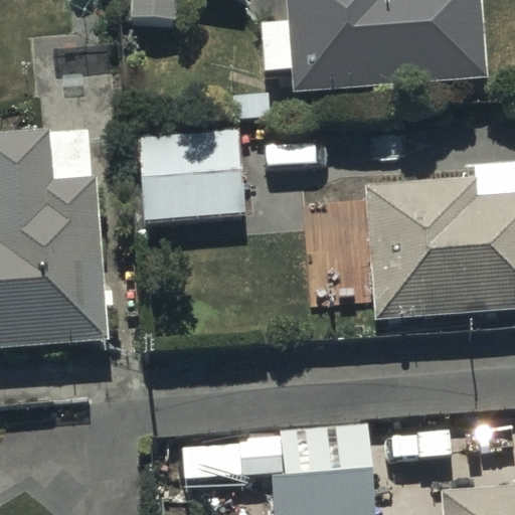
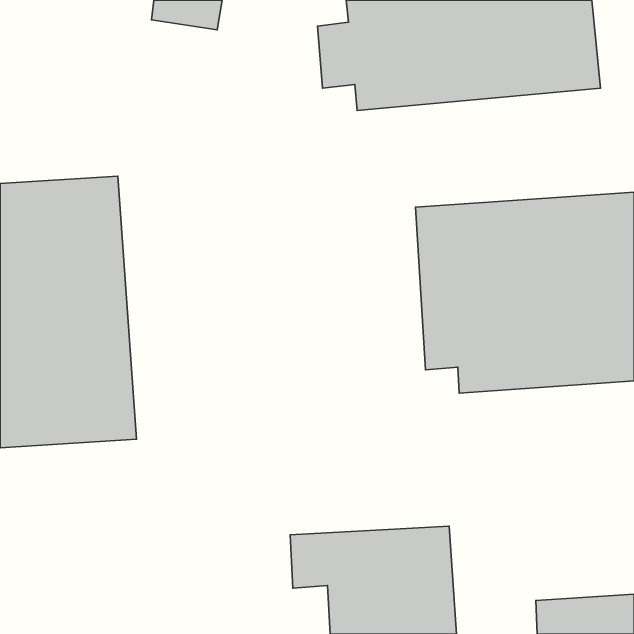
building: [132,142,251,241] -> none

